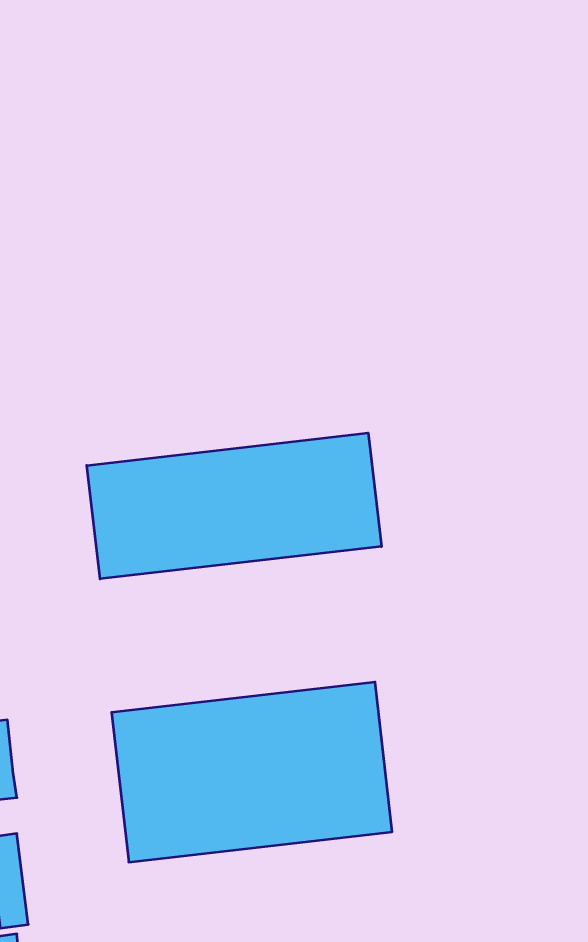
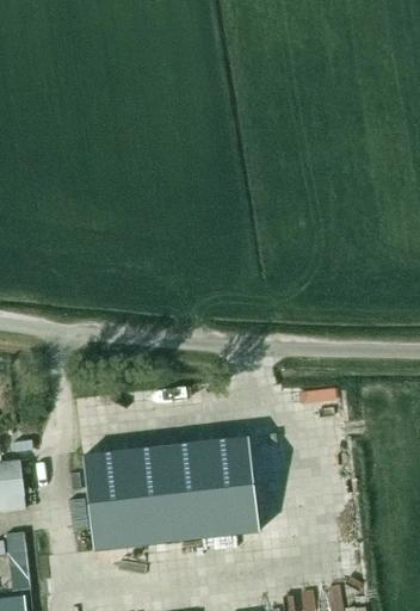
building: [87,433,381,579] -> none

